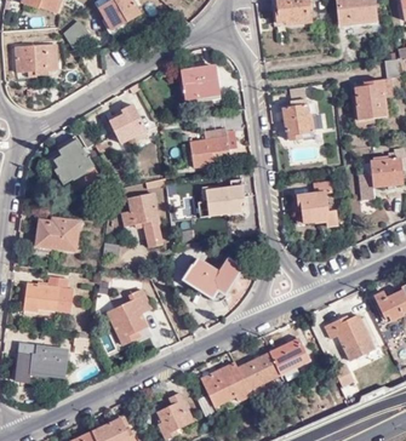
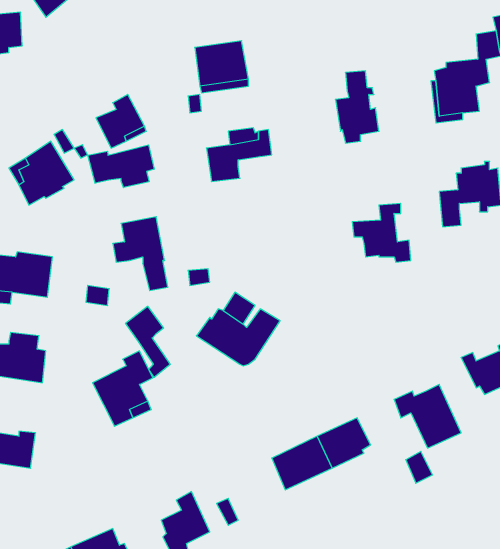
building: none -> [88,145,154,188]
building: [205,178,244,216] -> none
building: none -> [126,306,170,377]
building: [200,362,248,406] -> none

